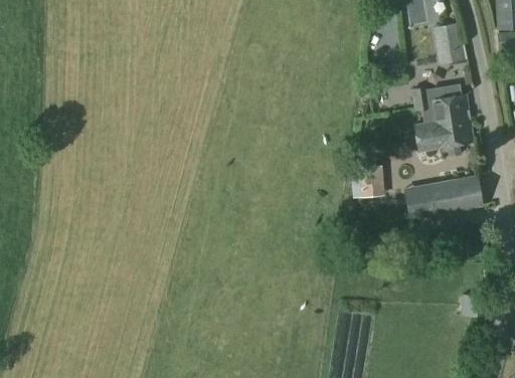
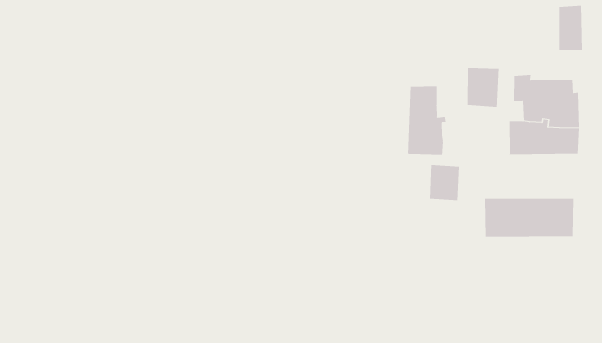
building: none -> [467,67,499,108]
building: none -> [407,86,446,156]

